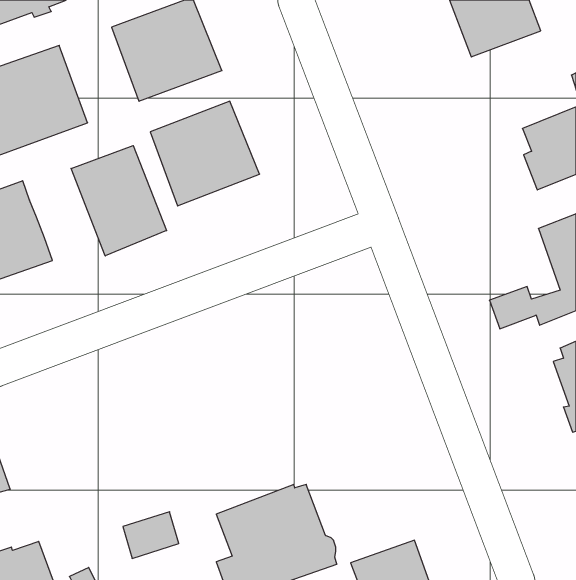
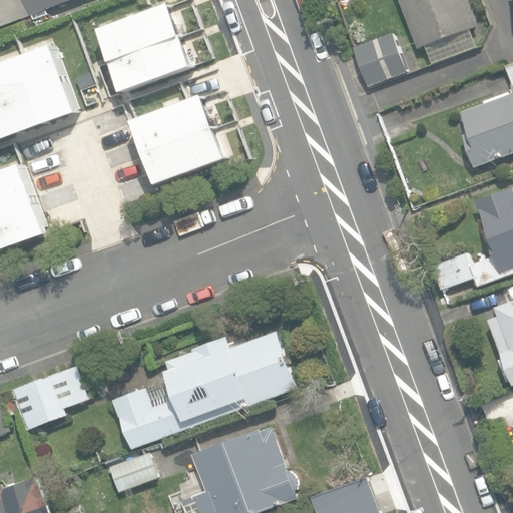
building: none -> [350,29,405,84]
building: [71,146,167,256] -> none
building: none -> [113,331,297,449]
building: none -> [9,367,88,433]

